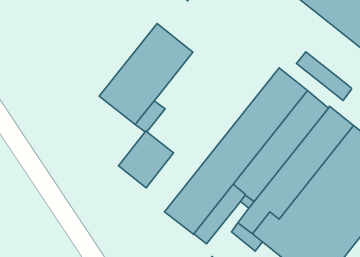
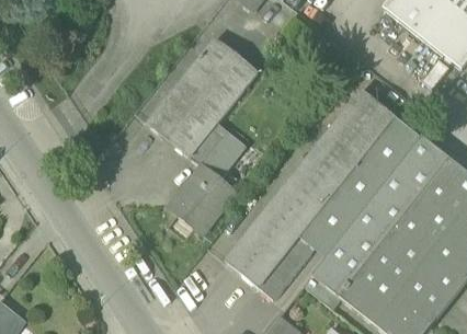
building: [297,52,352,100] -> none
building: none -> [203,122,247,178]

